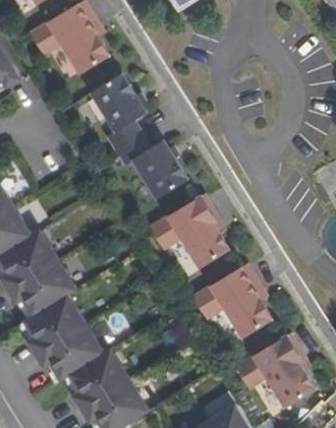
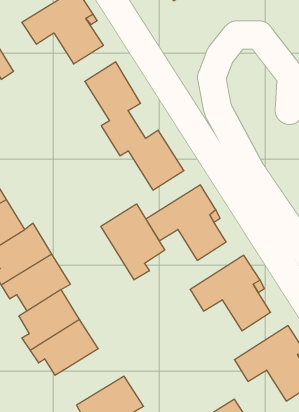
building: none -> [101,204,165,280]
building: [69,349,129,410] -> none

